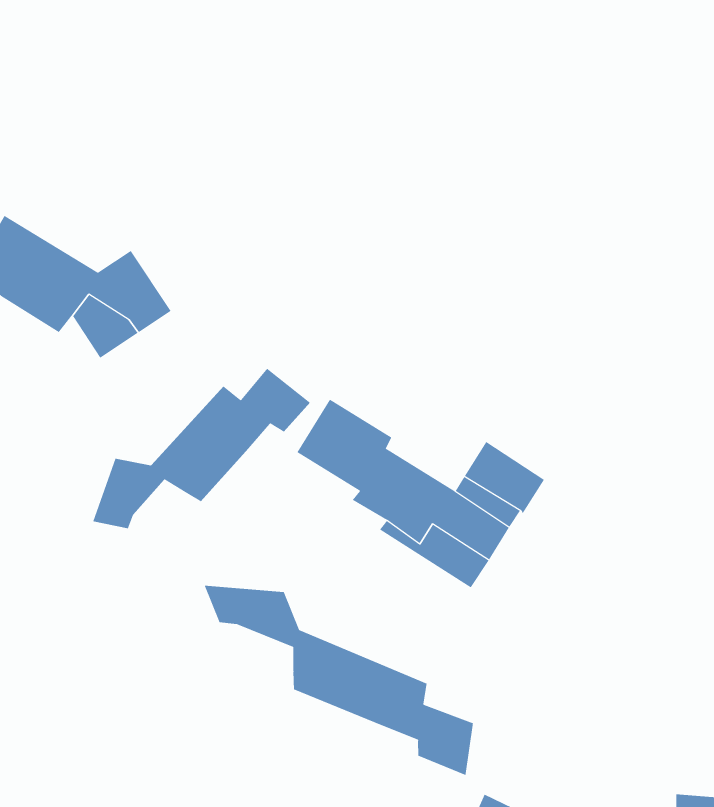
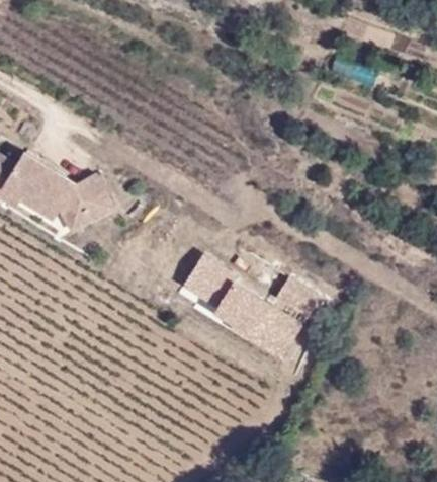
building: [92,368,311,529] -> none
building: [204,585,473,776] -> none

